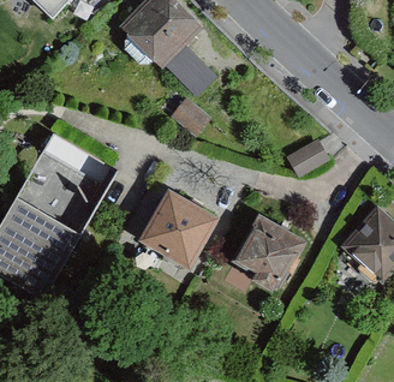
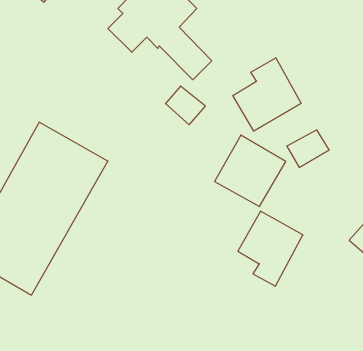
building: none -> [233,58,301,131]
building: [148,193,216,262] -> [215,135,286,207]

